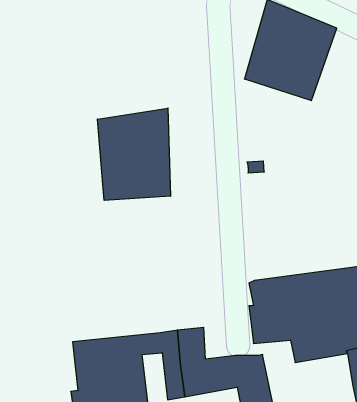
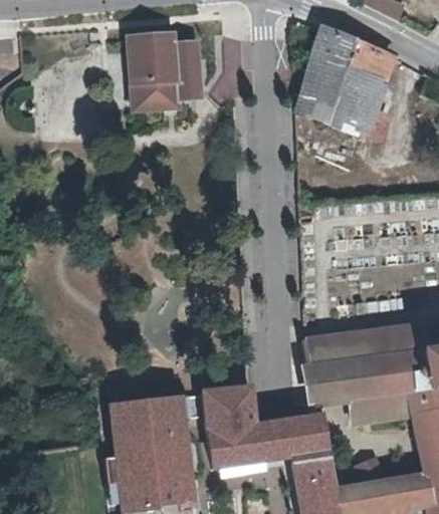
building: none -> [127,30,205,113]
building: [97,108,171,200] -> none

